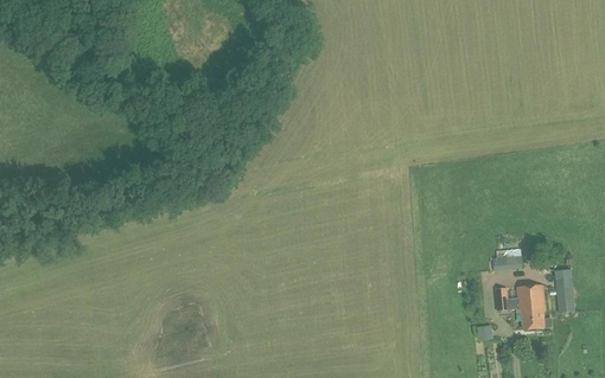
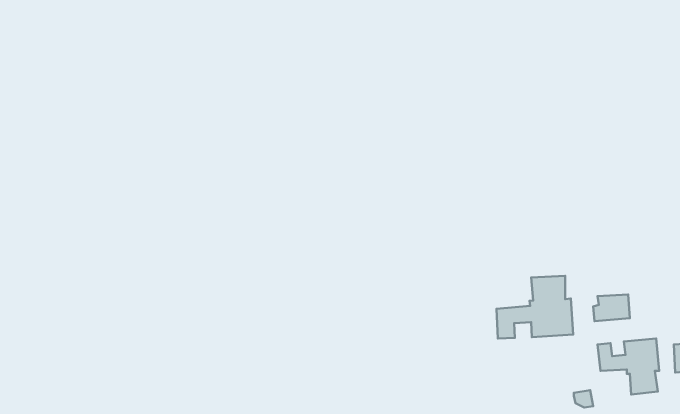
building: none -> [497,276,573,339]

